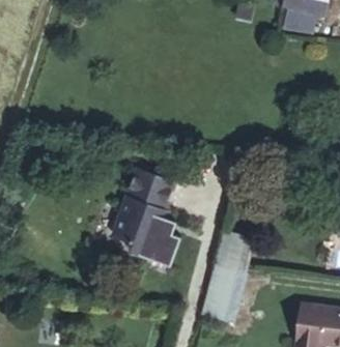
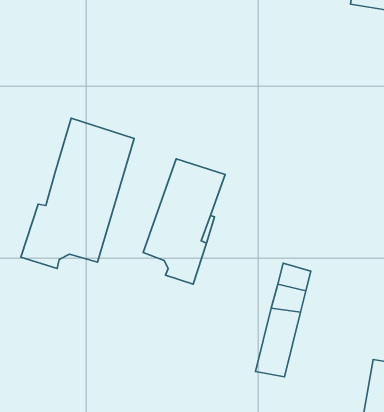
building: none -> [21,118,134,269]

